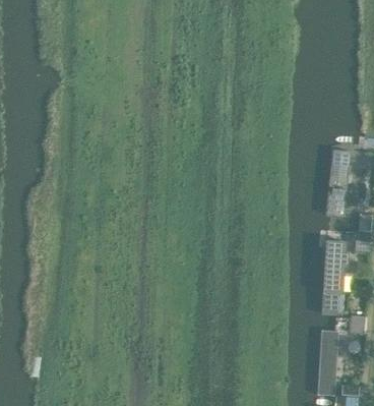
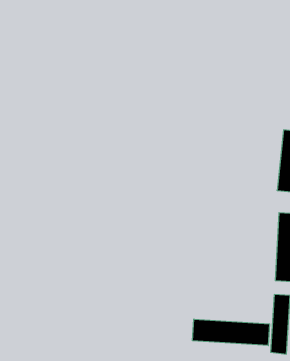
building: none -> [193,319,270,346]

